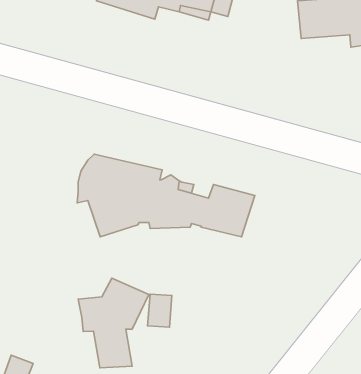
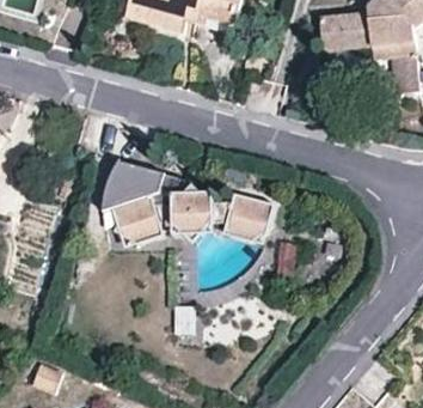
building: [78,278,149,368] -> none

